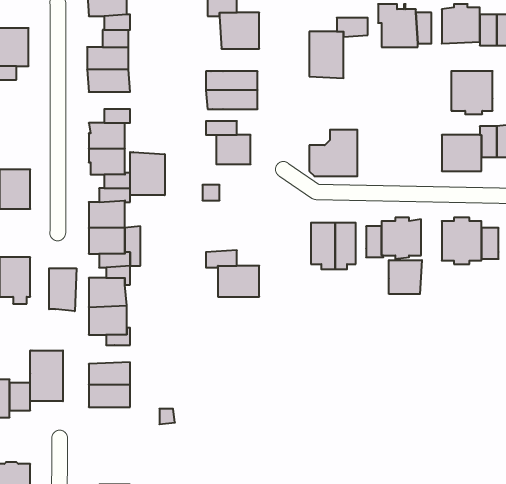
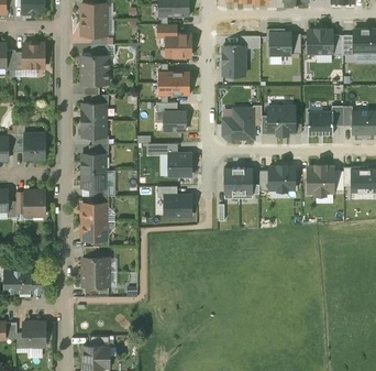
building: [451,71,493,114] -> [268,107,295,134]
building: [130,152,165,195] -> none
building: none -> [169,154,191,176]
building: [389,260,422,294] -> none
building: [49,268,76,311] -> none
building: [30,350,63,401] -> none

